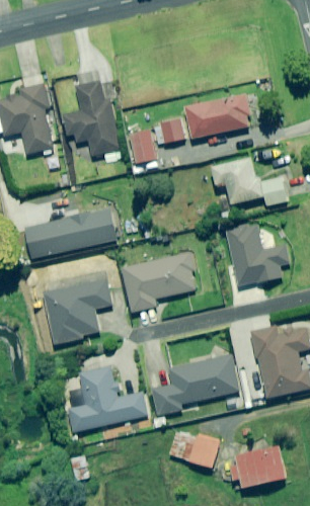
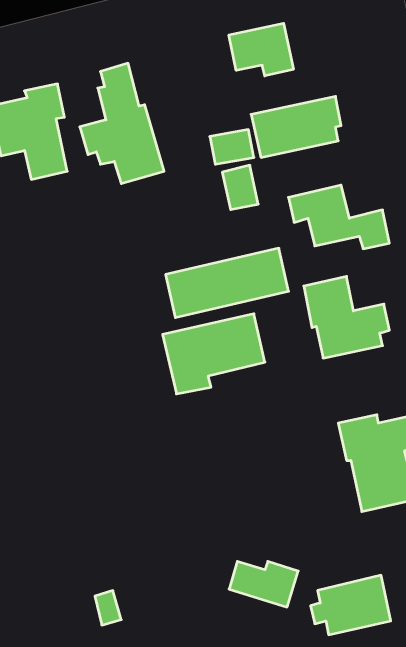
building: none -> [229,23,293,76]
building: [132,131,158,163] -> [222,165,258,210]
building: [25,209,115,260] -> [166,248,289,318]
building: [43,280,110,345] -> none
building: [153,355,241,415] -> none
building: [70,367,147,431] -> none

